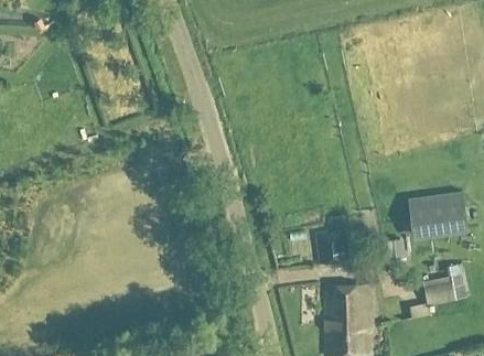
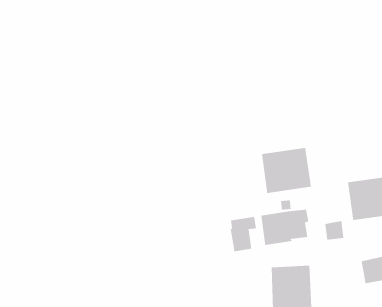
building: none -> [261,147,312,194]
building: none -> [230,216,256,252]

